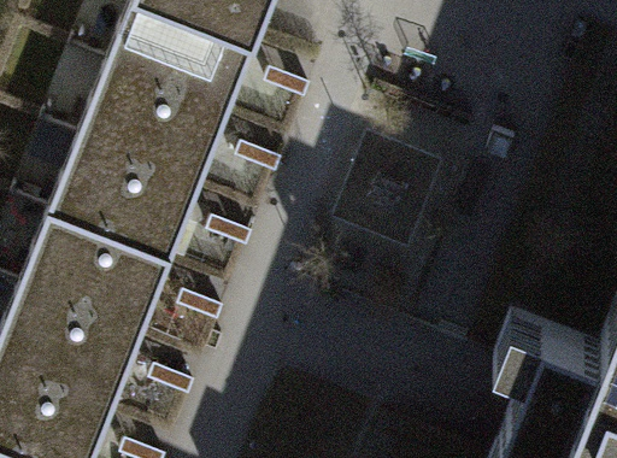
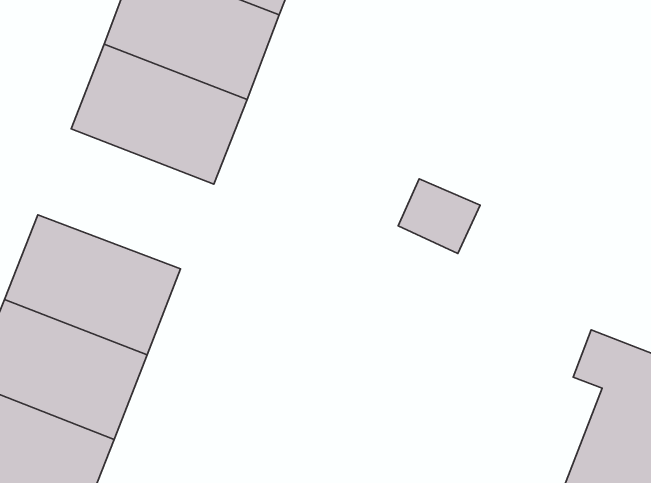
building: [39,145,192,266] -> none

